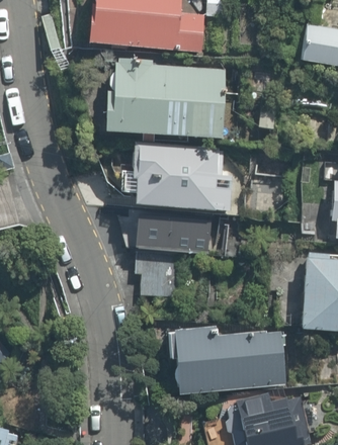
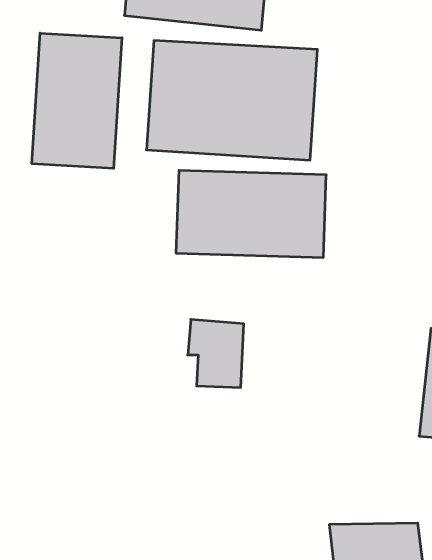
building: none -> [32,33,122,168]
building: [135,217,212,258] -> none
building: [167,323,281,395] -> none

